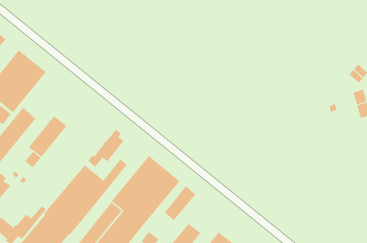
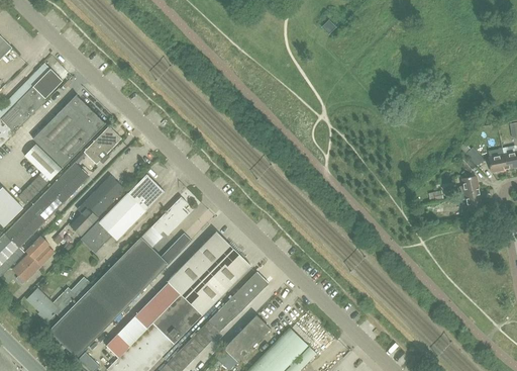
building: none -> [84,127,121,165]
building: none -> [82,174,165,252]
building: none -> [208,300,239,332]

